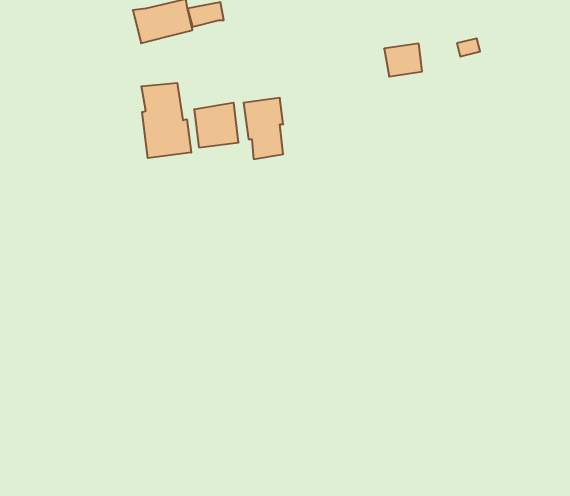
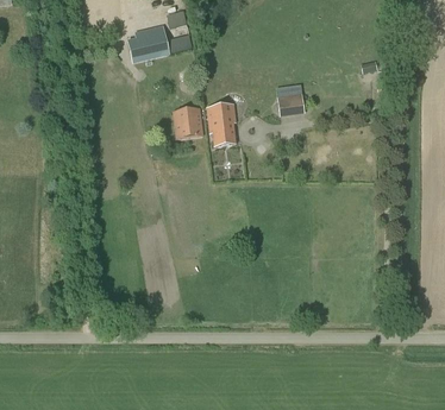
building: [384,44,422,77] -> [277,92,305,115]
building: [141,83,191,158] -> none

